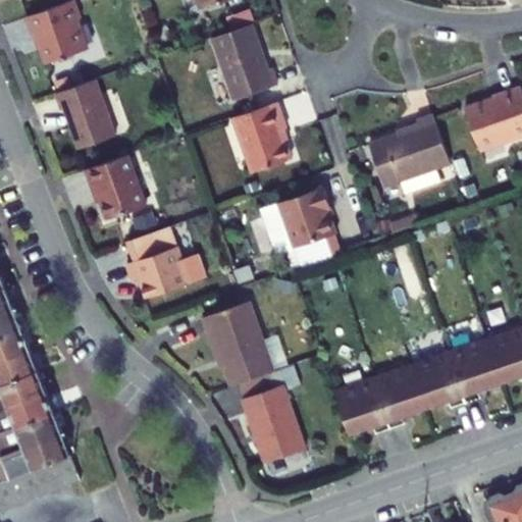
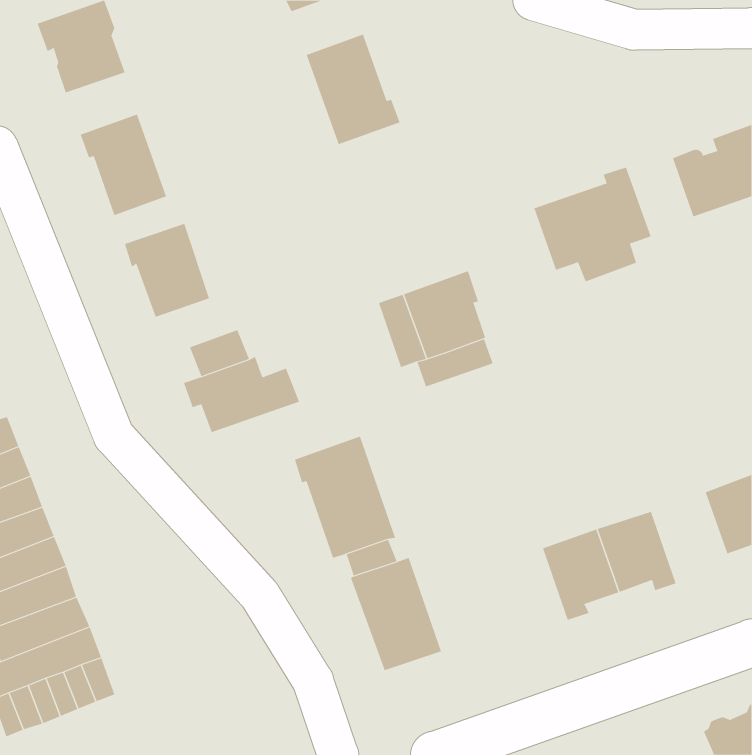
building: [233,102,290,172] -> none
building: [450,340,502,403] -> none
building: [336,378,392,434] -> none

